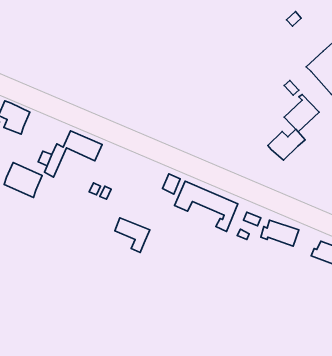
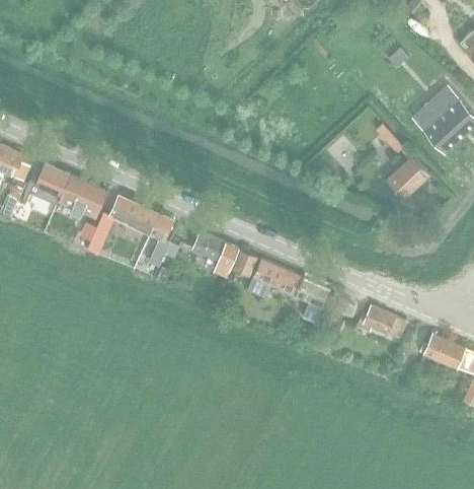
building: [268,129,305,160] -> none
building: none -> [149,215,173,266]
building: [4,163,42,197] -> [58,174,105,218]
building: [115,218,150,253] -> [193,234,237,278]

